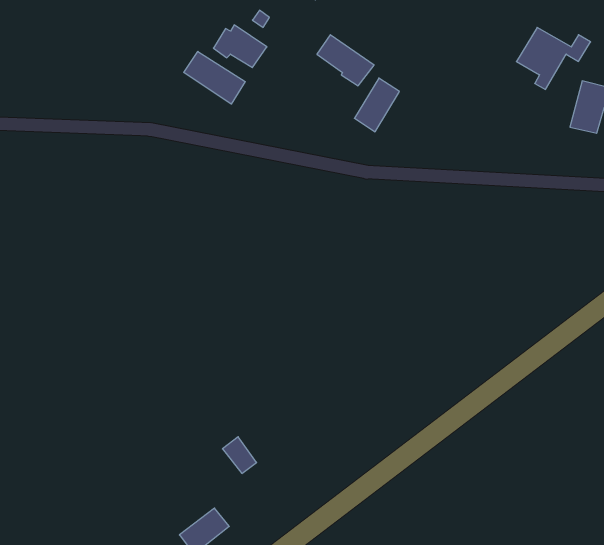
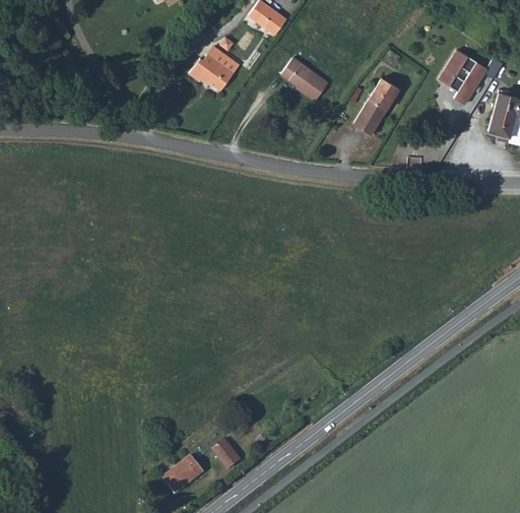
building: [184,51,245,104] -> none
building: [354,78,399,132] -> [356,85,394,130]
building: [222,437,257,473] -> [212,437,241,467]

